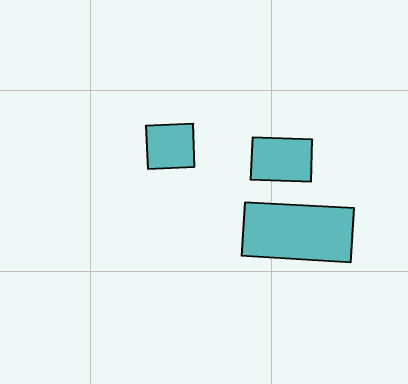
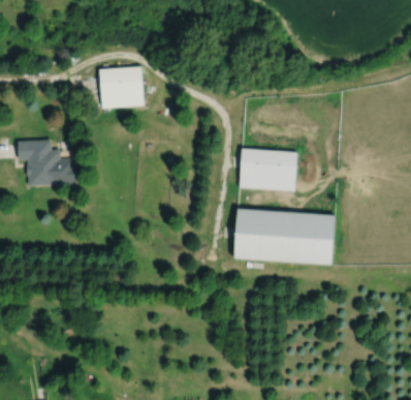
building: [146,124,194,169] -> [98,66,144,109]
building: none -> [18,140,61,185]

